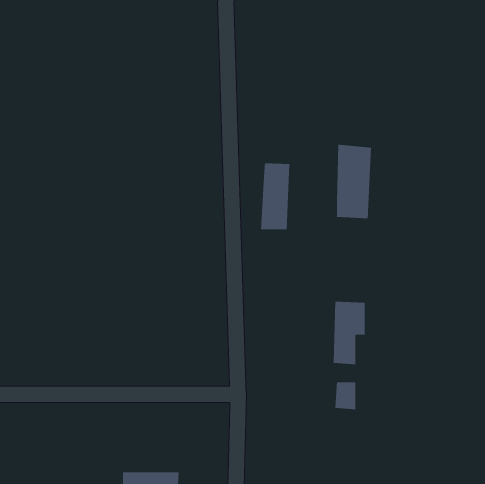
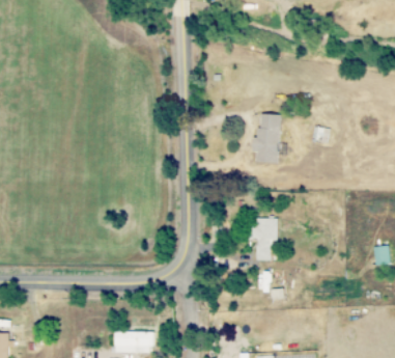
building: [260,162,290,230] -> none

